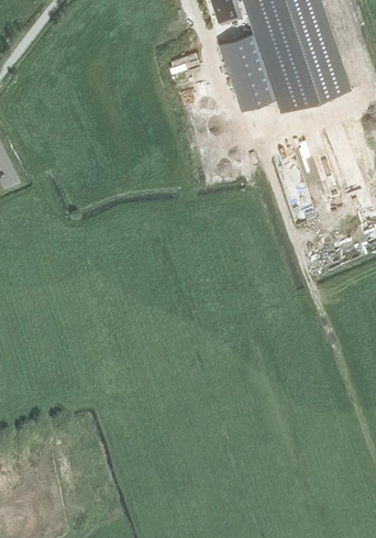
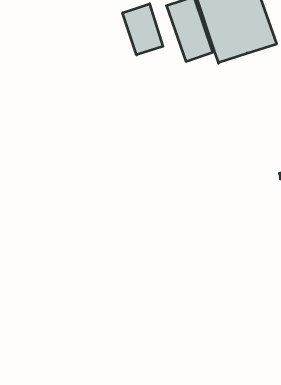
building: none -> [123,4,163,55]

